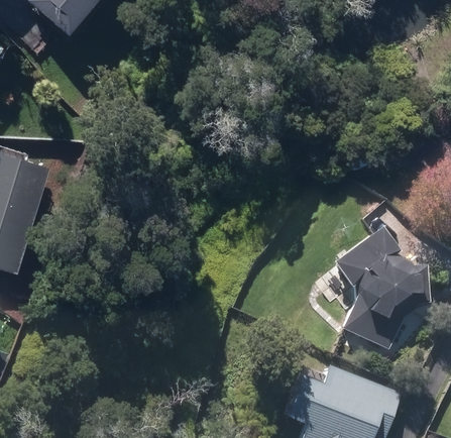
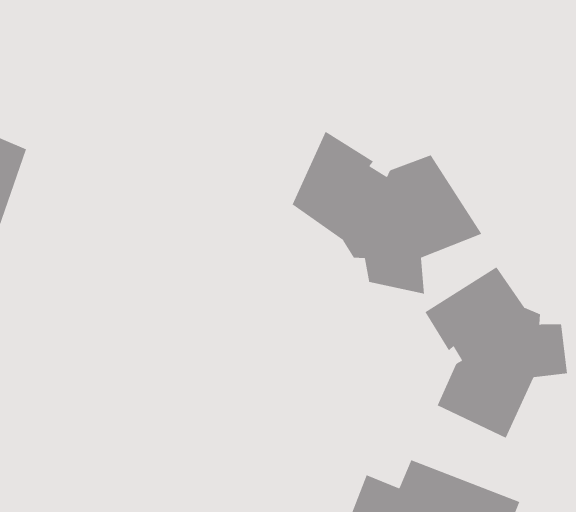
building: none -> [292,131,482,295]

